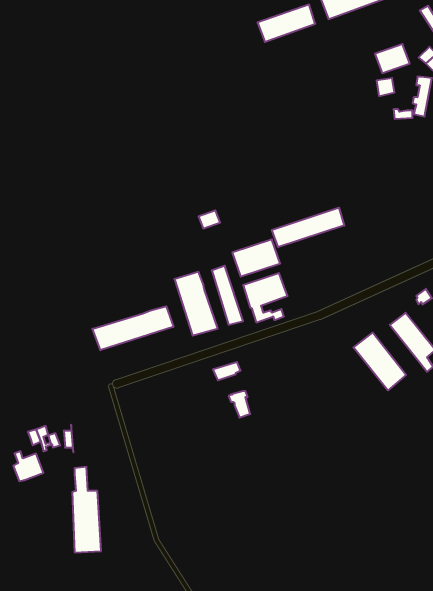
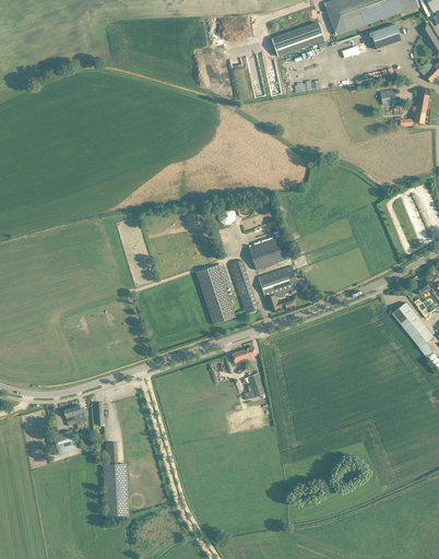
building: [375,44,410,73] -> [369,23,401,49]
building: [272,208,344,247] -> none
building: [92,306,173,350] -> none
building: [353,333,406,390] -> none

